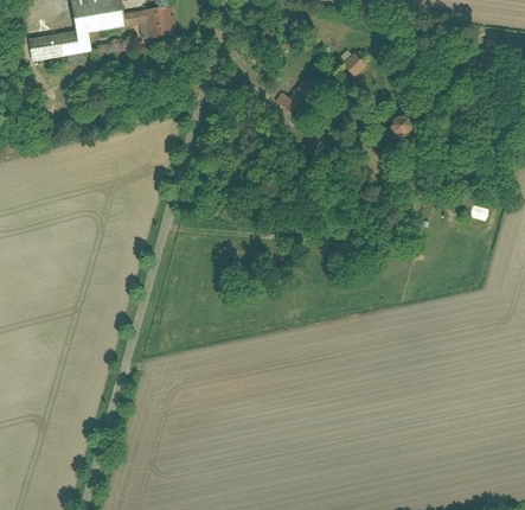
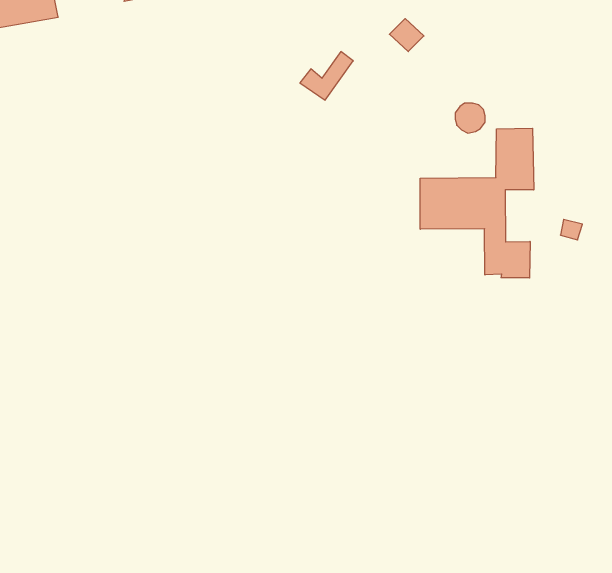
building: none -> [420,128,534,278]

